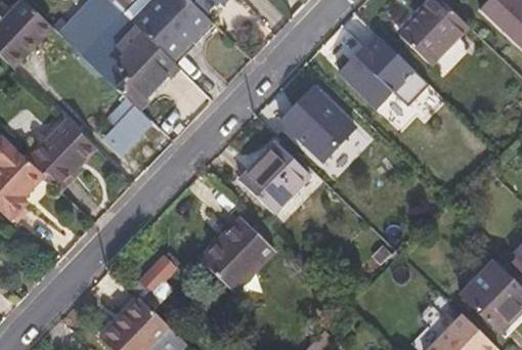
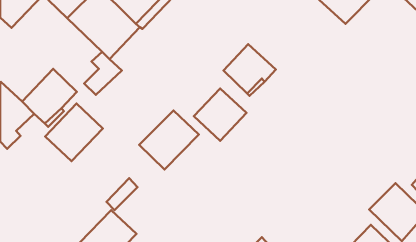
building: [336,41,409,99] -> none
building: none -> [45,104,103,161]
building: [202,217,276,291] -> [139,111,199,169]

